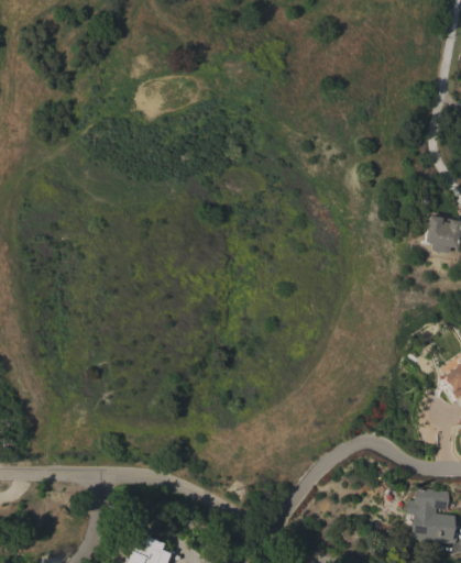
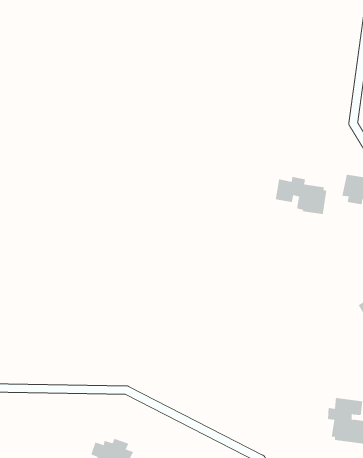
building: none -> [275,176,327,215]

